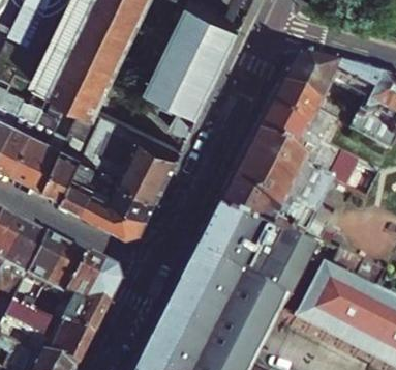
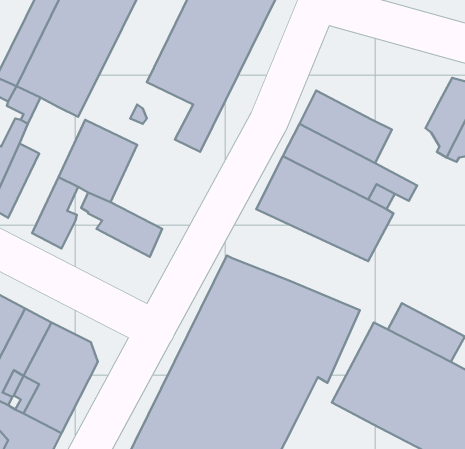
building: [275,61,375,112] -> none
building: [48,103,104,194] -> none
building: [123,131,182,193] -> none
building: [213,178,313,231] -> none
building: [87,187,152,231] -> none

